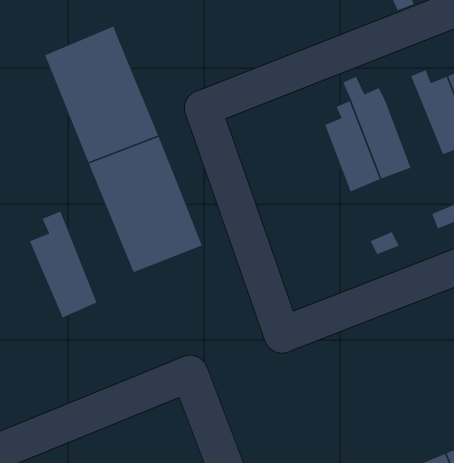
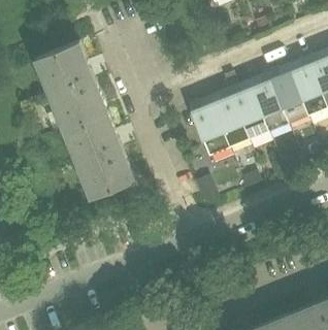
building: none -> [251,74,287,133]
building: none -> [188,102,228,157]
building: [29,211,98,318] -> none

